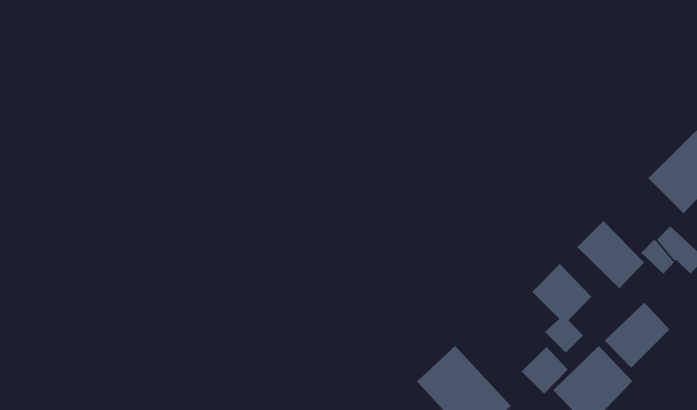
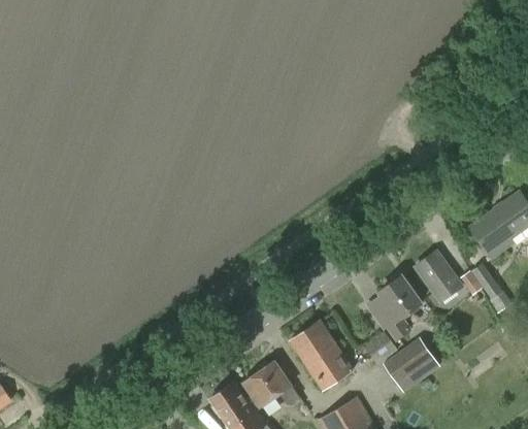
building: [604,302,670,368] -> none

